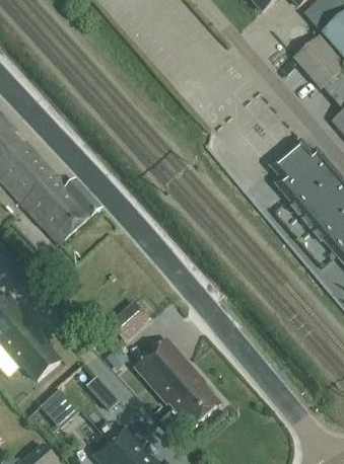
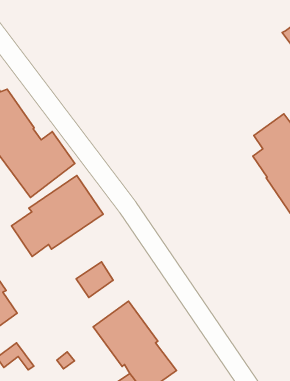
building: none -> [11,175,103,256]

